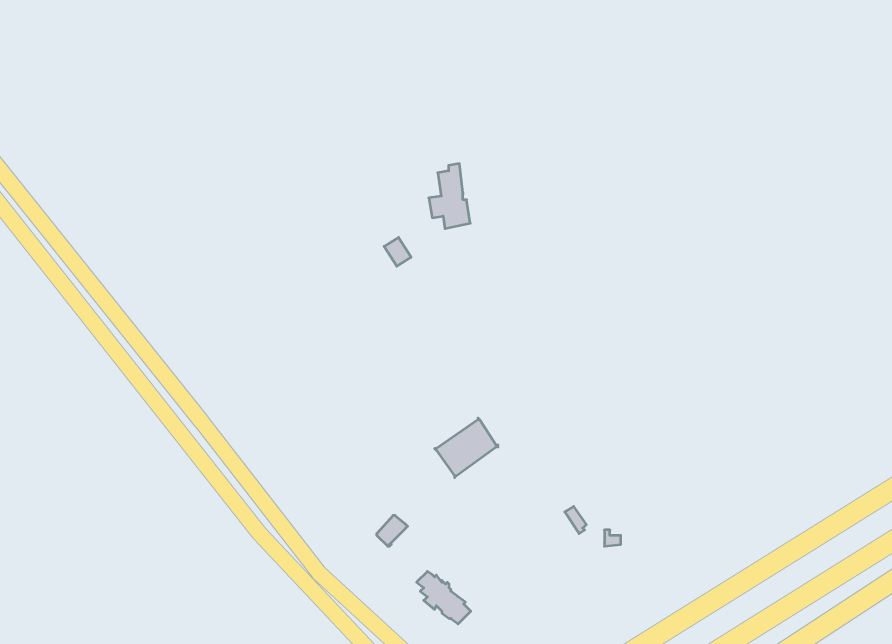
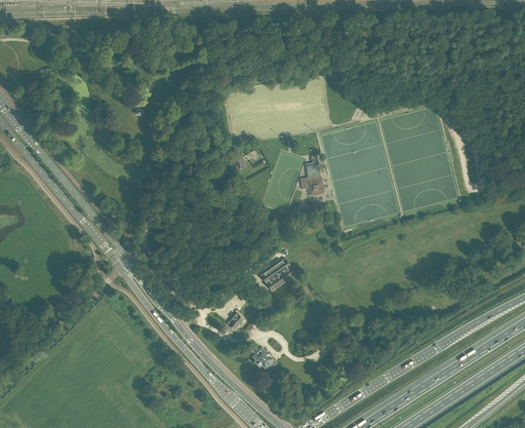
building: [429,164,470,229] -> [299,157,323,194]

